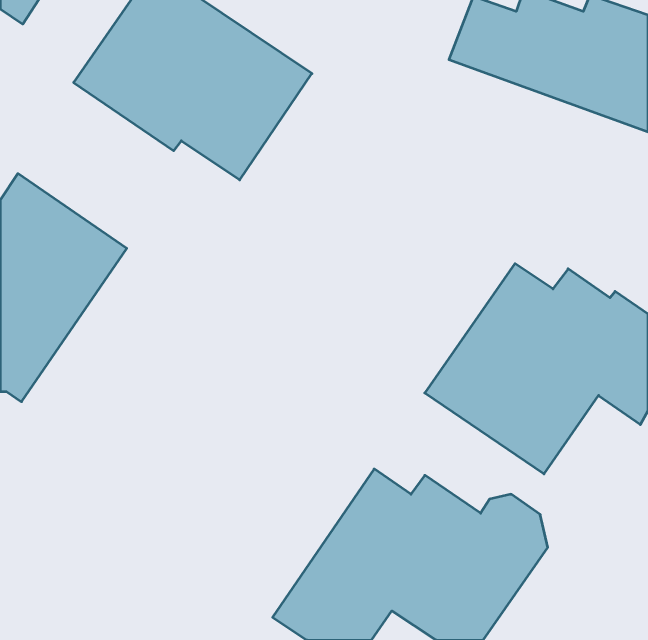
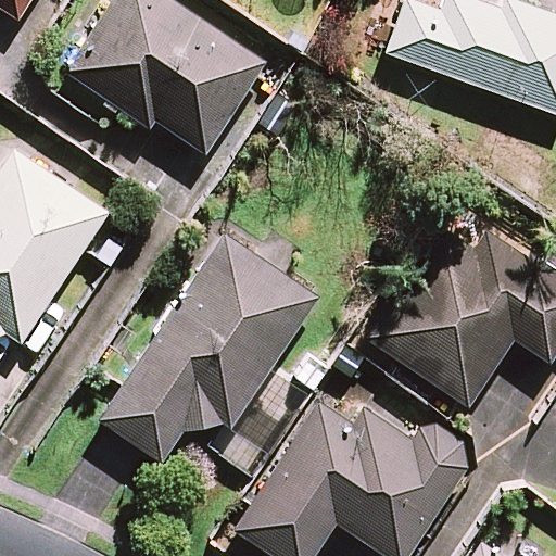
building: none -> [99,235,318,464]

